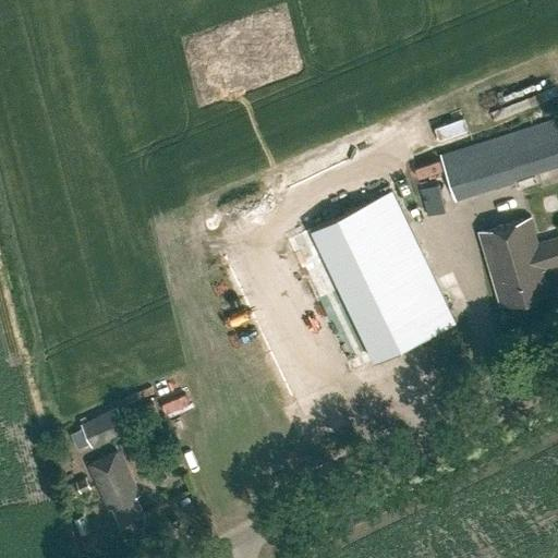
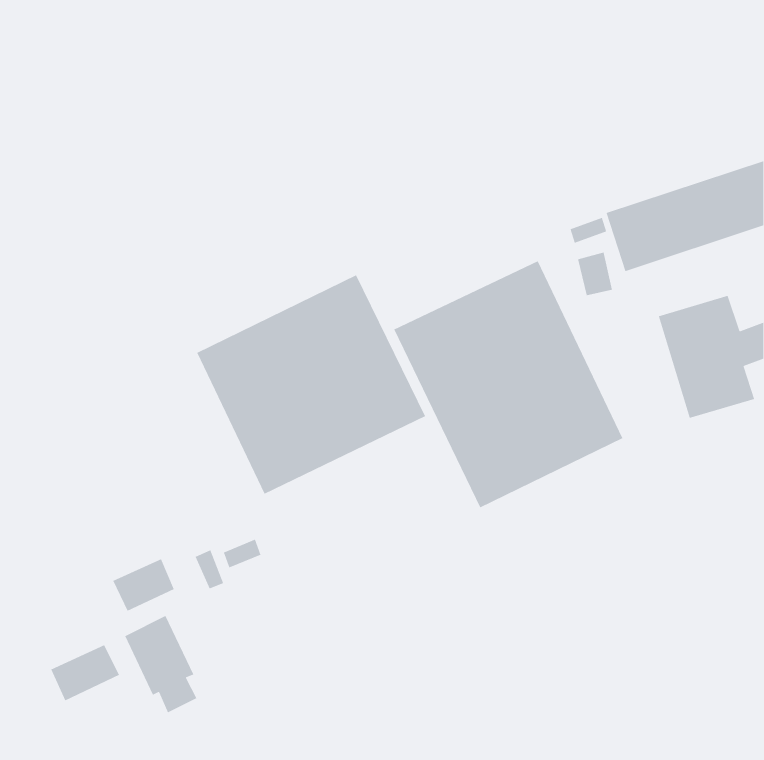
building: none -> [196,274,426,495]
building: none -> [50,644,120,701]

